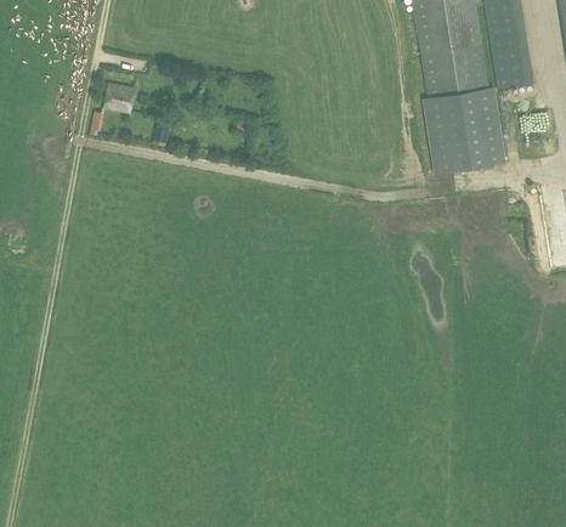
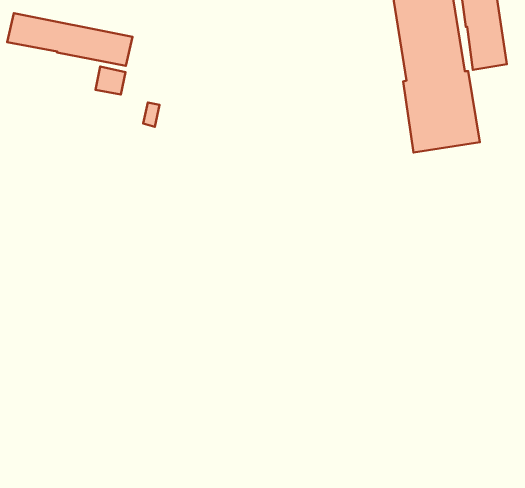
building: none -> [7,13,133,66]

